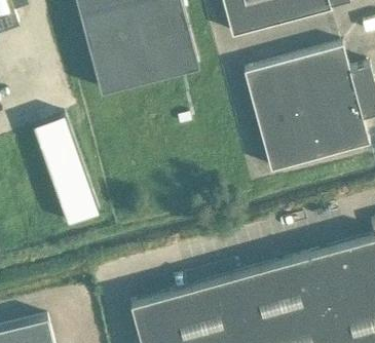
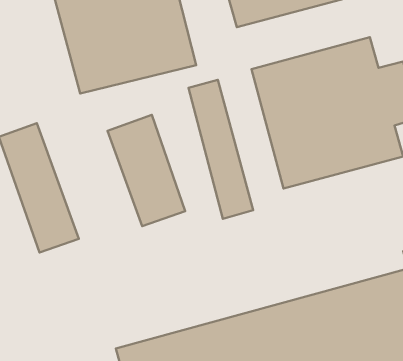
building: none -> [188,80,253,219]
building: none -> [108,115,185,226]

